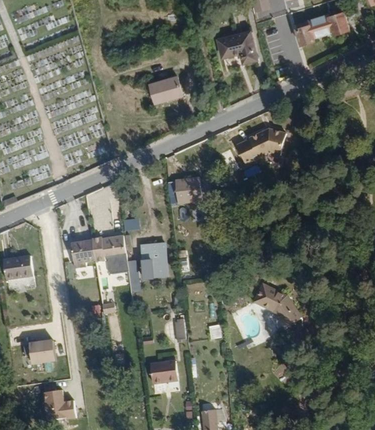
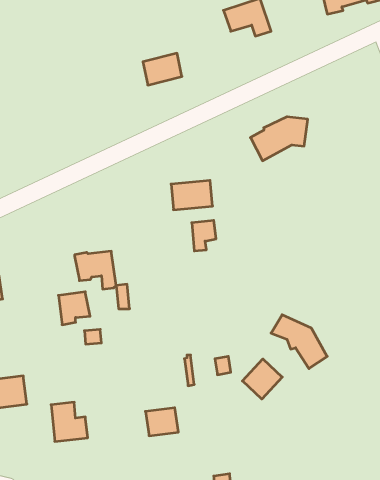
building: [71,241,97,268] -> [58,292,90,325]
building: [146,244,166,269] -> [192,220,216,251]
building: none -> [242,359,282,399]
building: [44,388,74,420] -> [51,402,88,441]

